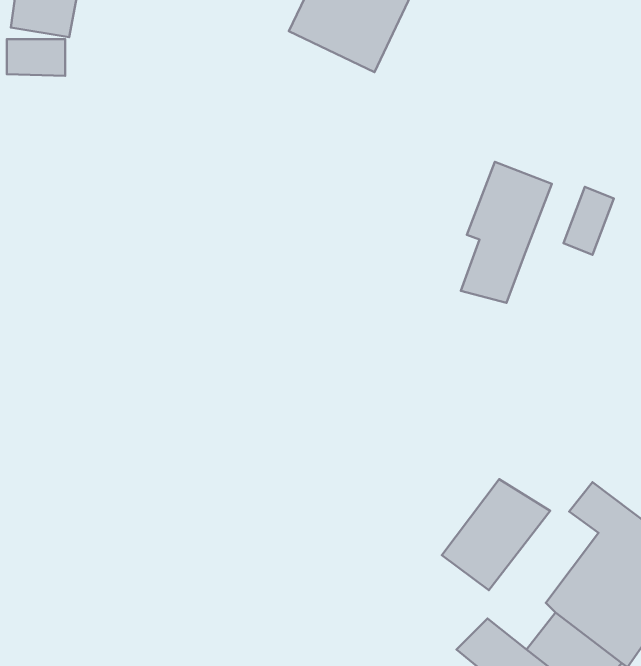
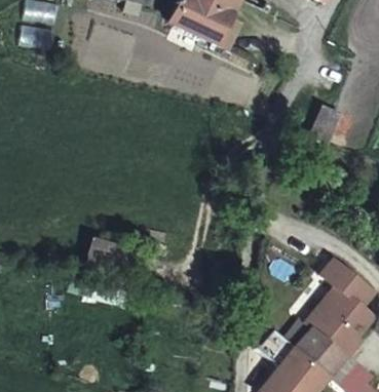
building: [461,162,552,303] -> none
building: none -> [86,237,128,271]
building: [442,479,550,590] -> none

